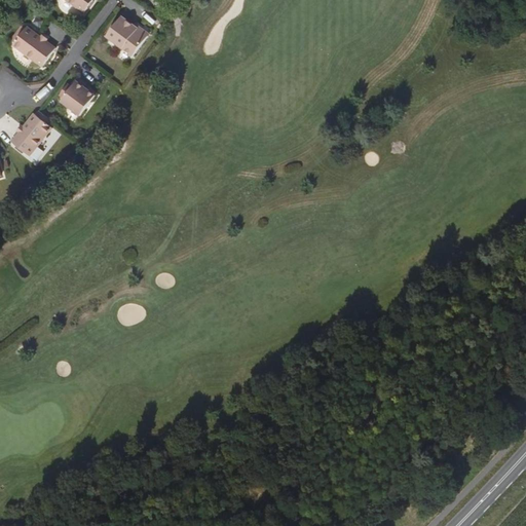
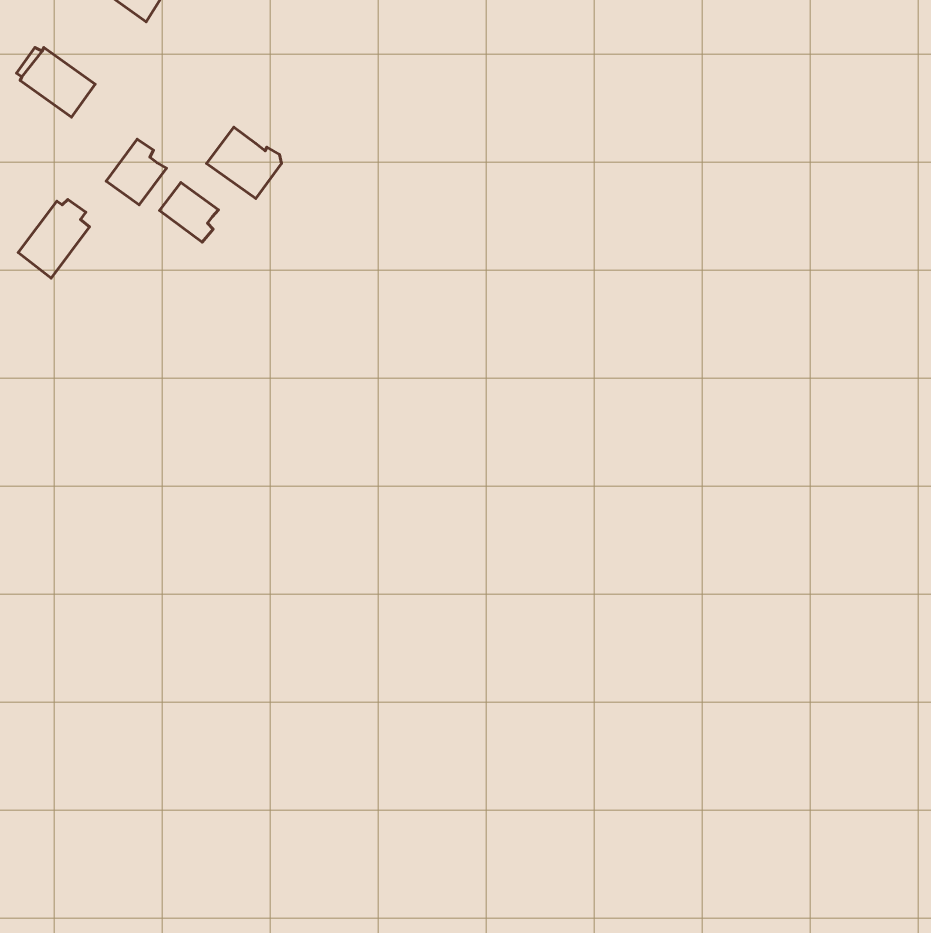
building: [104,14,146,54] -> [206,127,281,198]
building: none -> [159,182,218,242]

